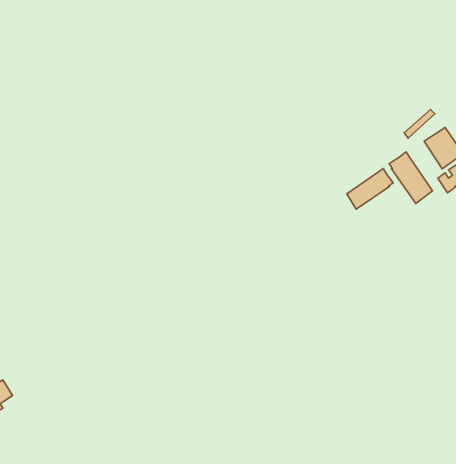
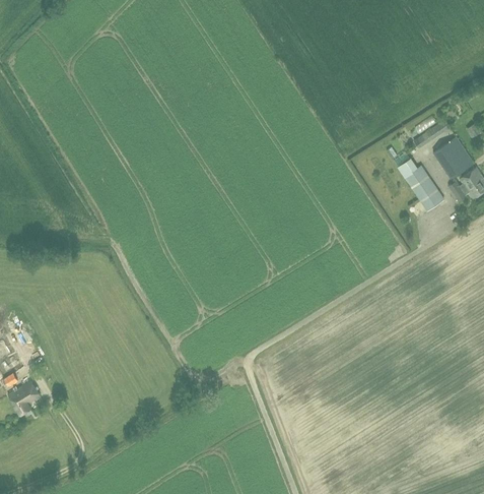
building: [347,168,393,209] -> none

